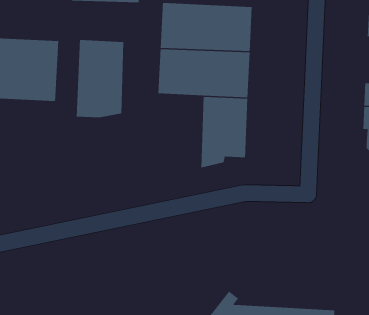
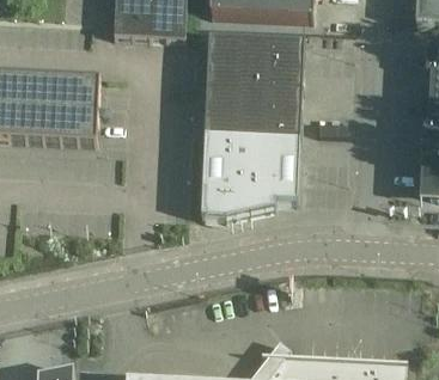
building: [76,39,124,118] -> [201,134,252,217]

